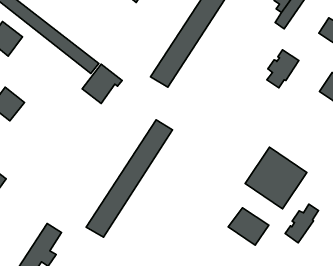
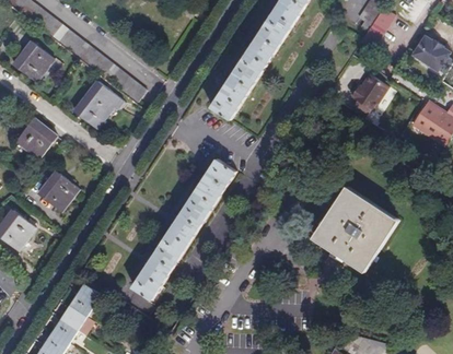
building: [82,64,122,103] -> [74,81,123,128]
building: none -> [38,172,78,211]
building: [285,204,319,243] -> none
building: [228,208,269,245] -> none

